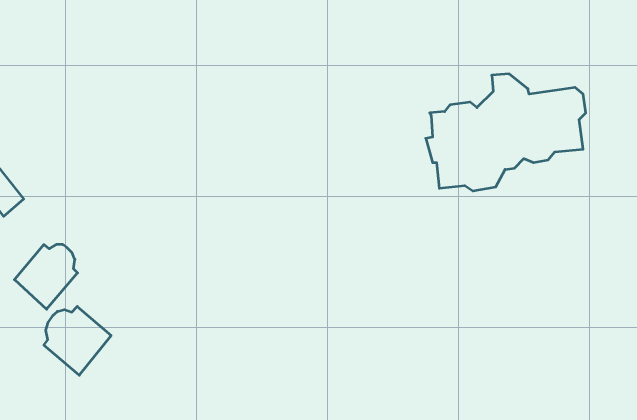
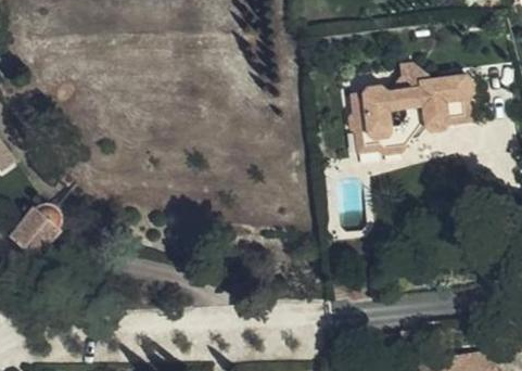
building: [44,306,111,375] -> none

